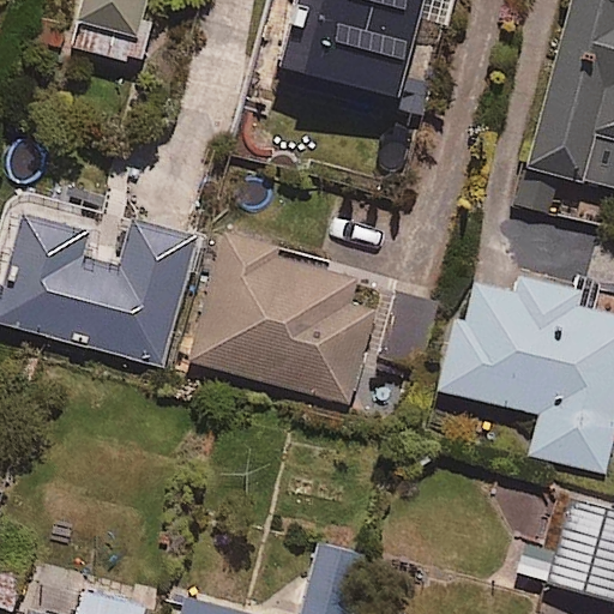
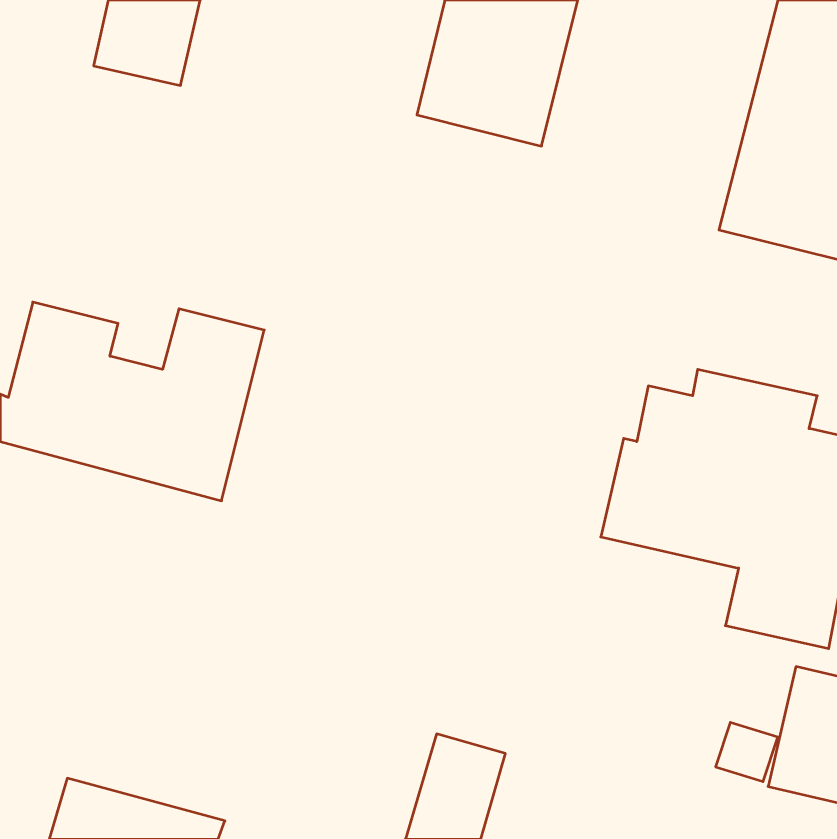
building: [189,237,377,408] -> none

